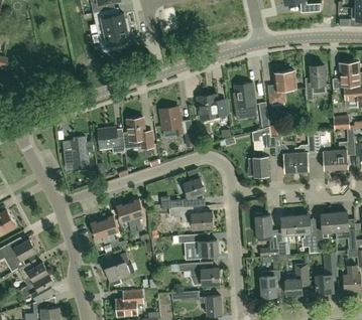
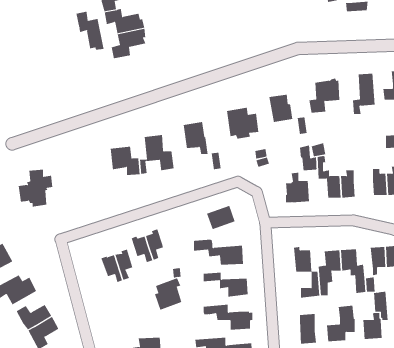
building: none -> [76,11,104,51]
building: [63,137,93,169] -> [18,169,53,207]
building: [105,254,129,282] -> [154,278,182,311]

